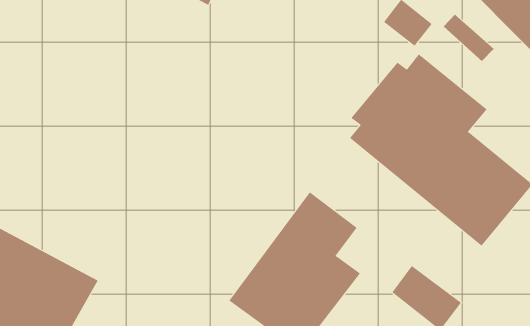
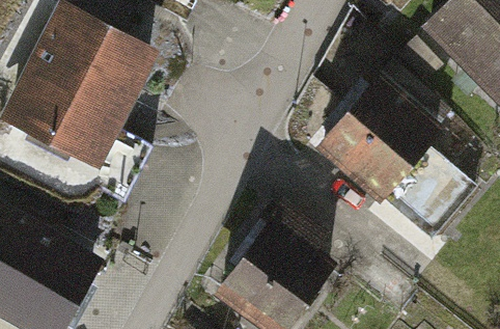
building: none -> [18,31,143,166]

